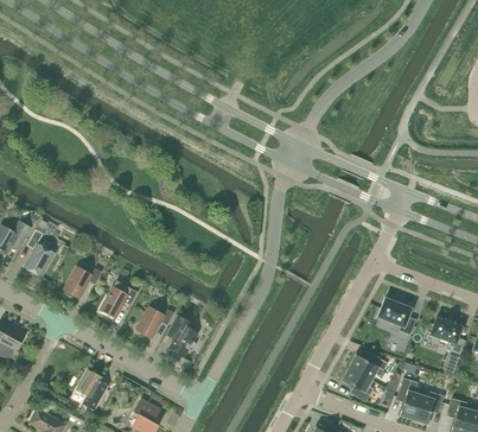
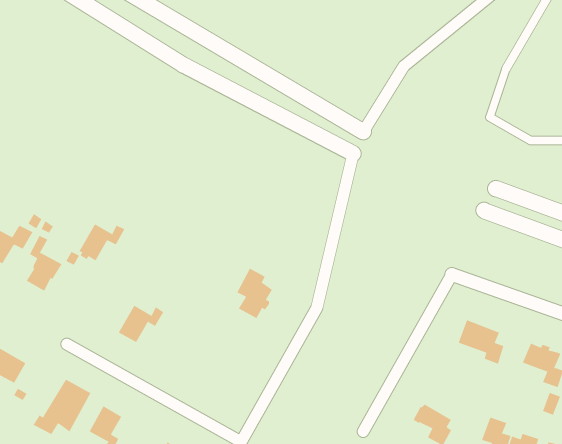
building: [64,267,102,298] -> [79,223,125,261]
building: [136,307,173,338] -> none
building: [167,316,197,357] -> [236,268,273,319]
building: none -> [33,379,91,435]
building: [350,354,387,381] -> none

